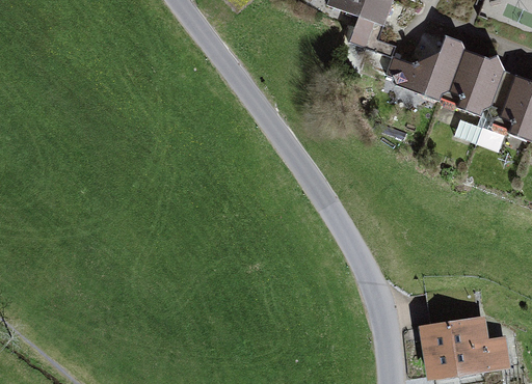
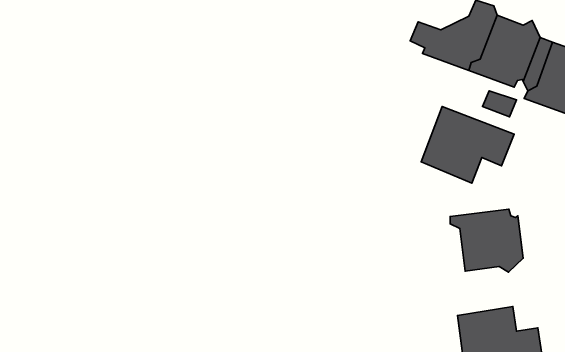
building: none -> [421,107,514,183]
building: none -> [450,209,523,272]

